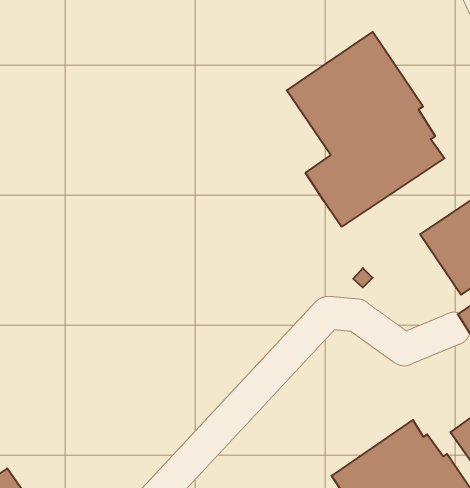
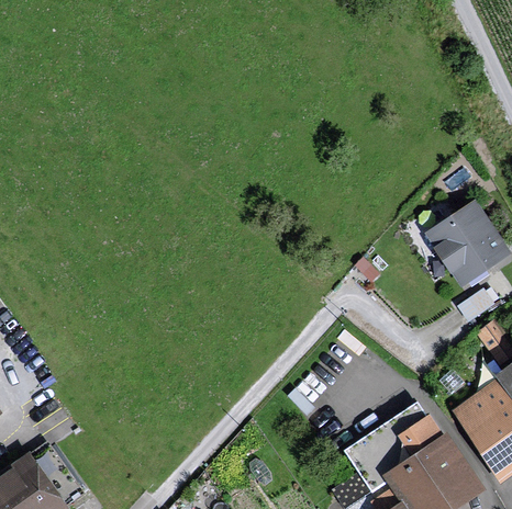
building: [287,32,444,227] -> none

